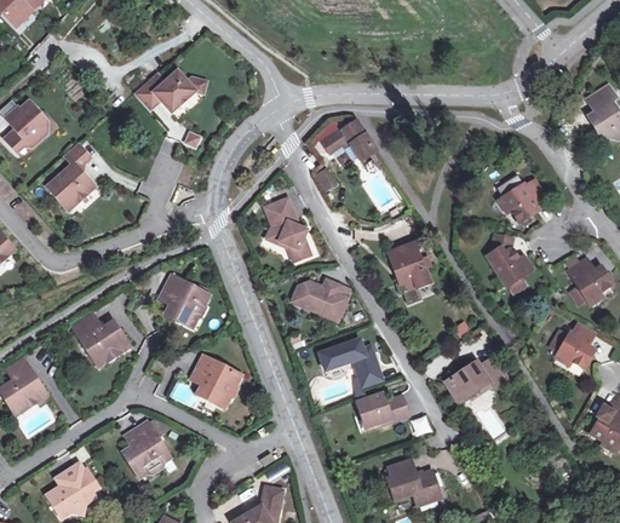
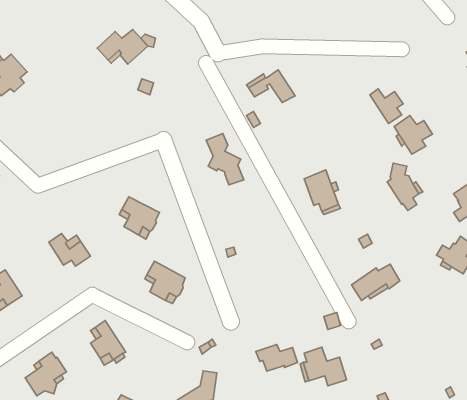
building: [47,142,96,209] -> none
building: none -> [370,89,403,124]
building: [297,277,350,320] -> none
building: [318,340,380,387] -> none
building: [356,393,407,426] -> [256,345,298,371]

